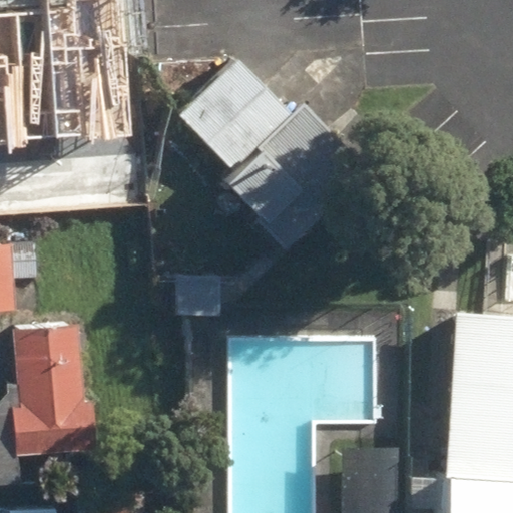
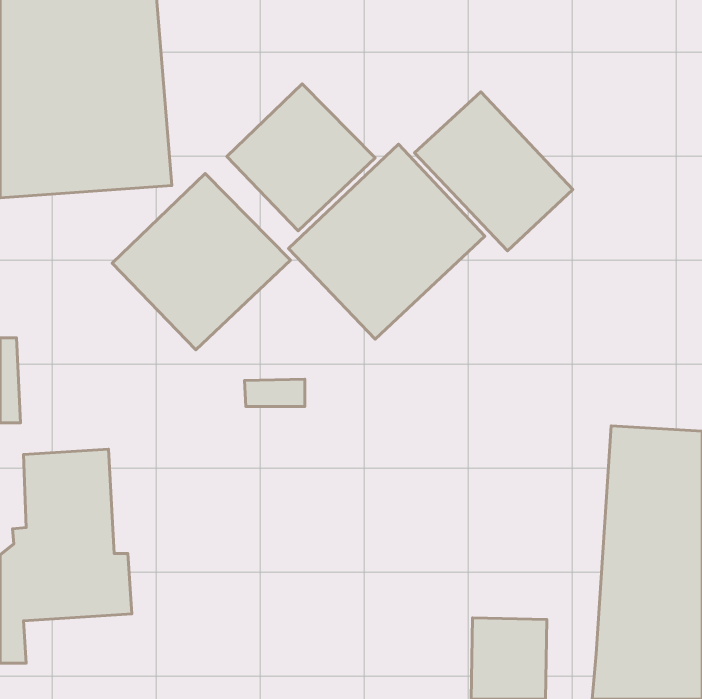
building: none -> [414,92,573,251]
building: none -> [112,174,290,350]

